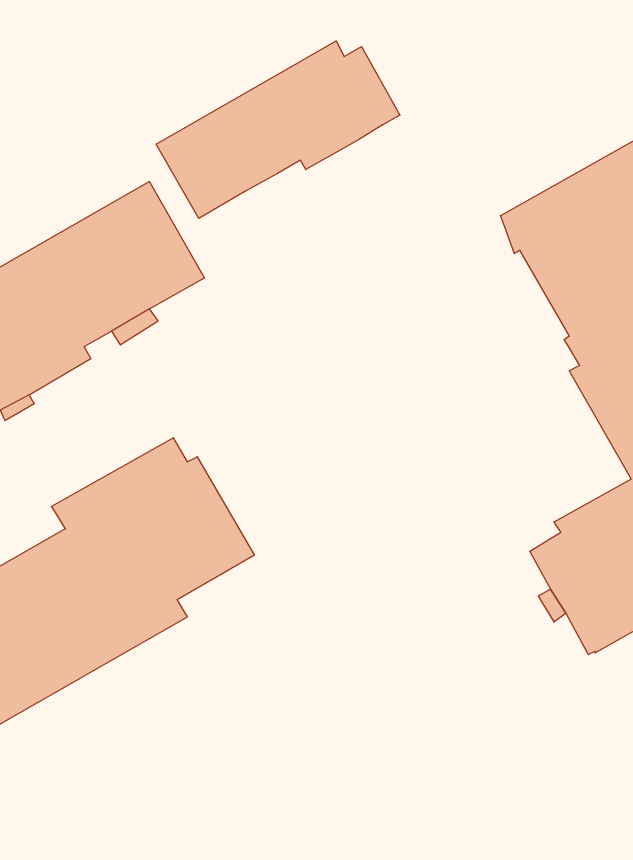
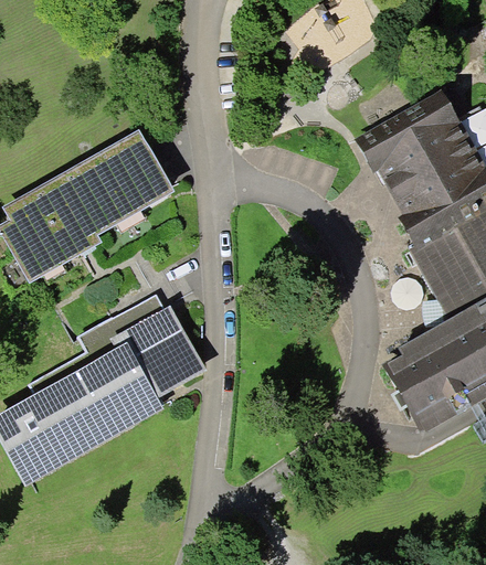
building: [156,41,400,218] -> none

